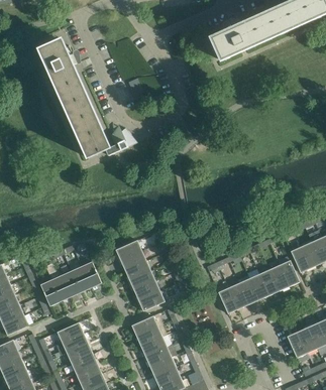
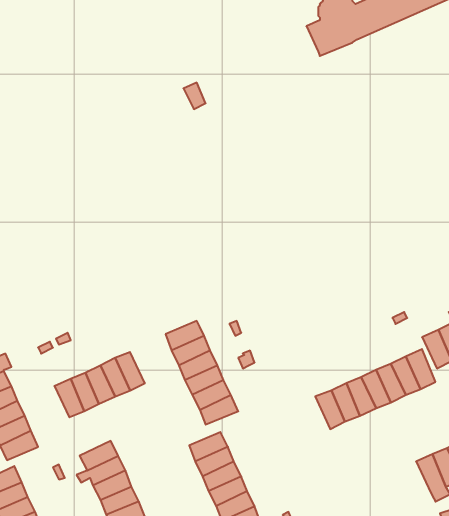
building: [38,39,137,157] -> none

